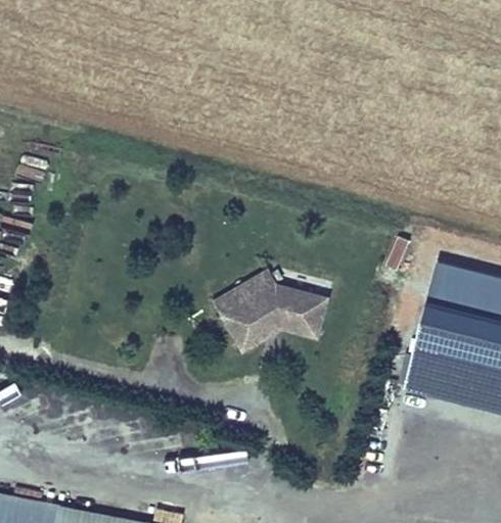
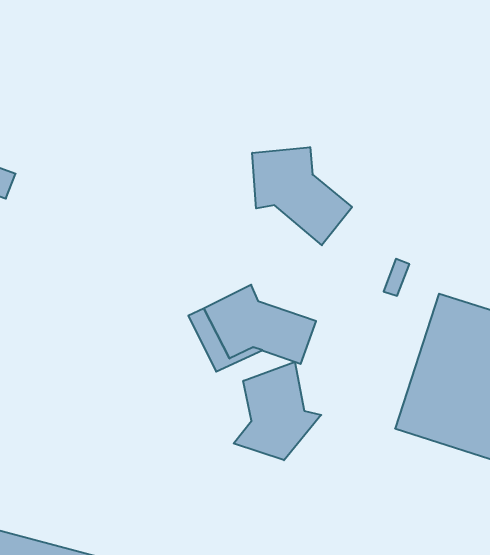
building: none -> [252,147,352,245]
building: none -> [234,362,321,460]

